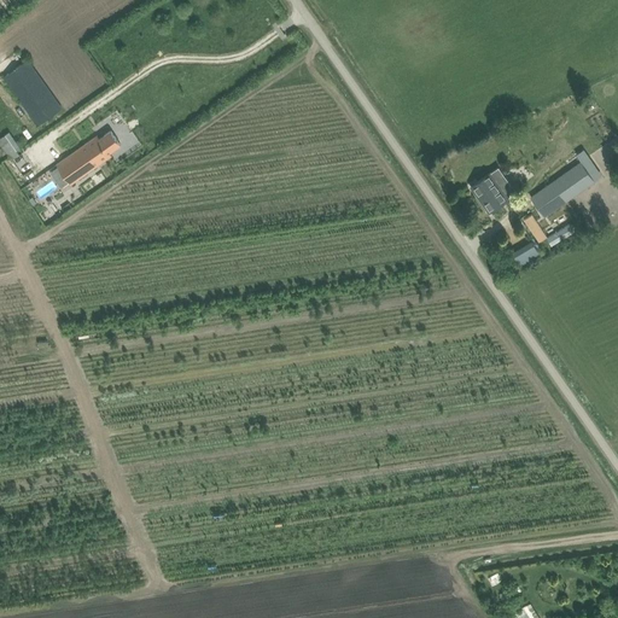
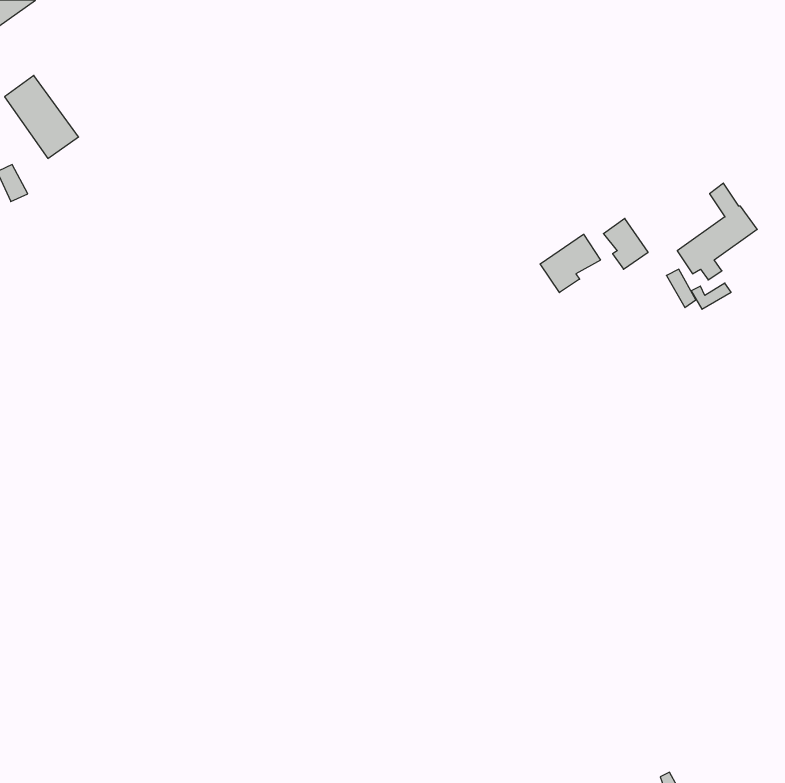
building: [56,133,119,185] -> none
building: none -> [540,234,600,293]

